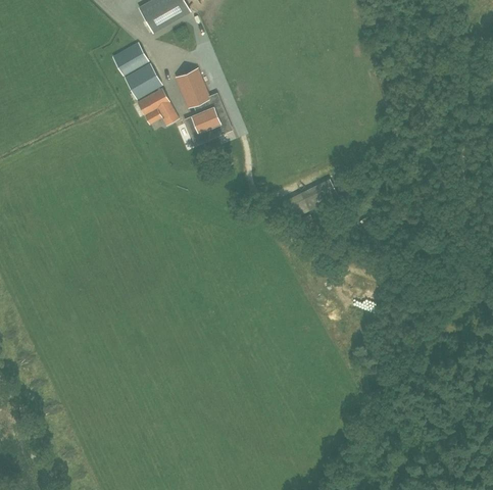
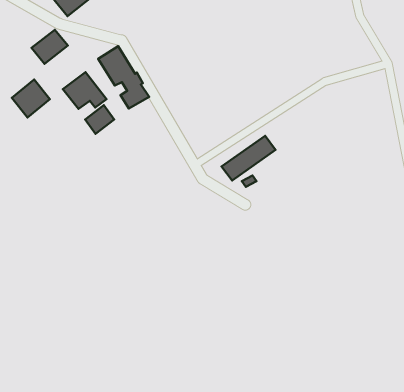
building: [125,63,161,99] -> [12,80,50,117]
building: none -> [85,105,114,134]

